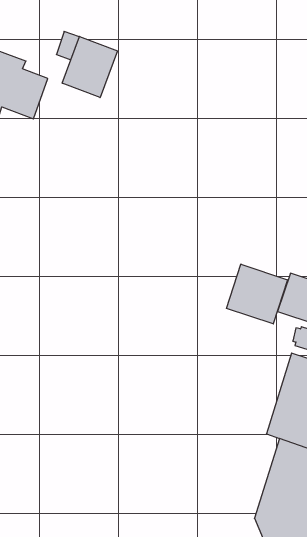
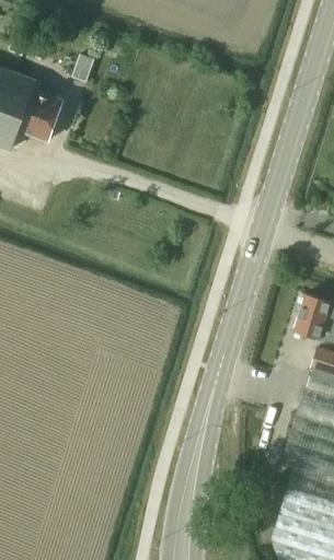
building: [62,36,117,98] -> none
building: [227,264,288,324] -> none

